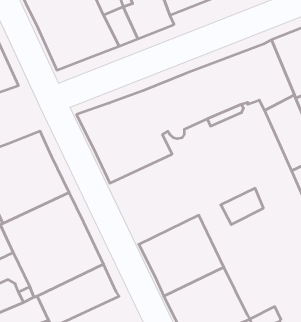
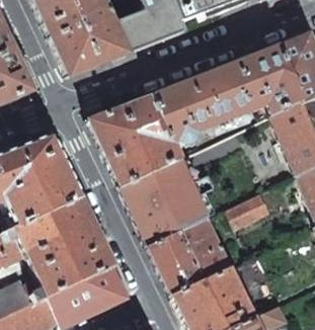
building: none -> [121,157,210,245]

